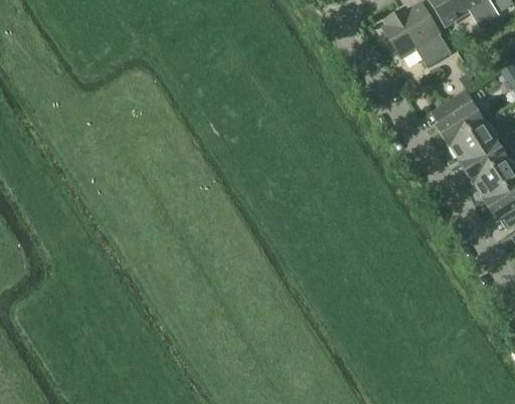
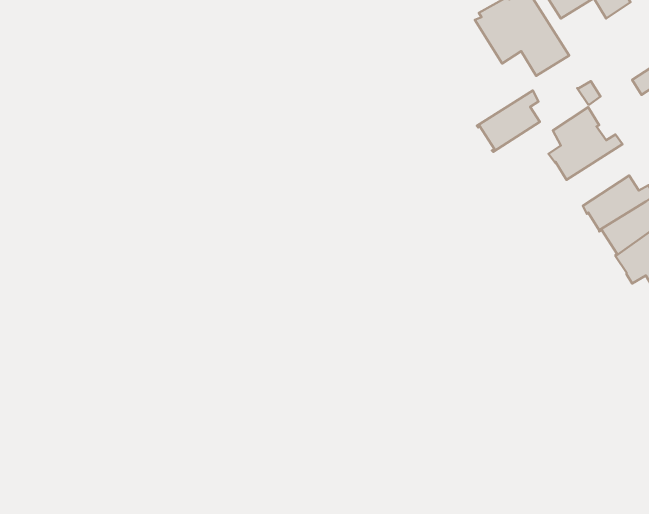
building: [449,118,495,163] -> [477,90,540,152]

